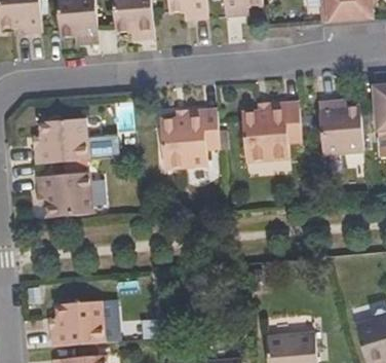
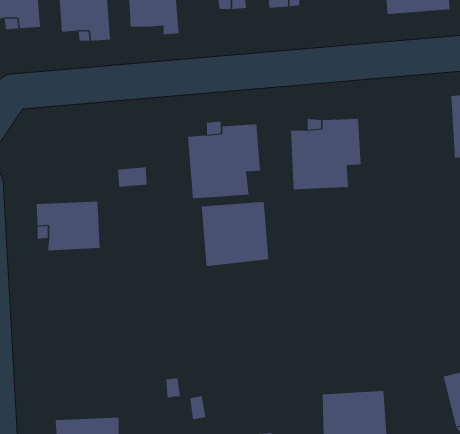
building: [318,103,363,154] -> none
building: [35,118,87,164] -> none
building: none -> [201,201,269,267]
building: [49,296,103,341] -> none

